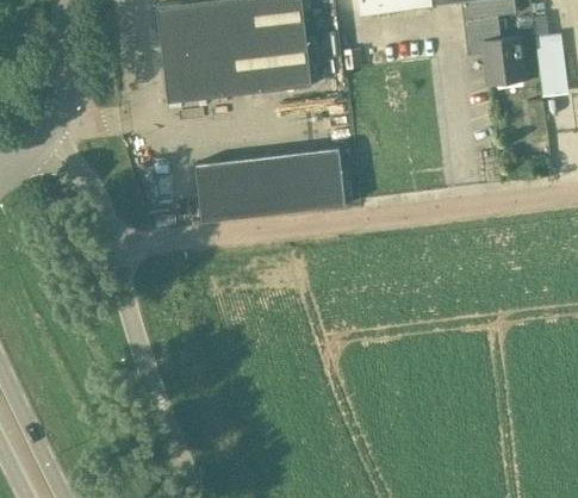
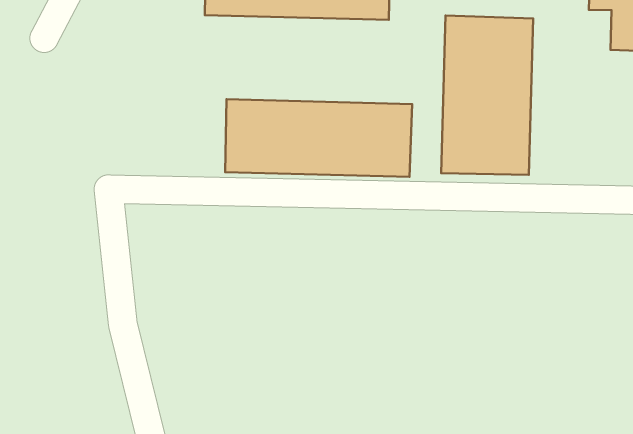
building: none -> [441,16,533,175]

